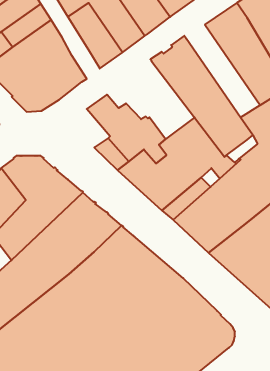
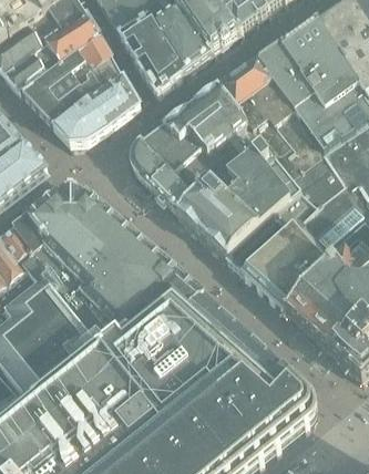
building: none -> [258,37,346,146]
building: none -> [164,80,268,172]
building: none -> [132,136,168,182]

